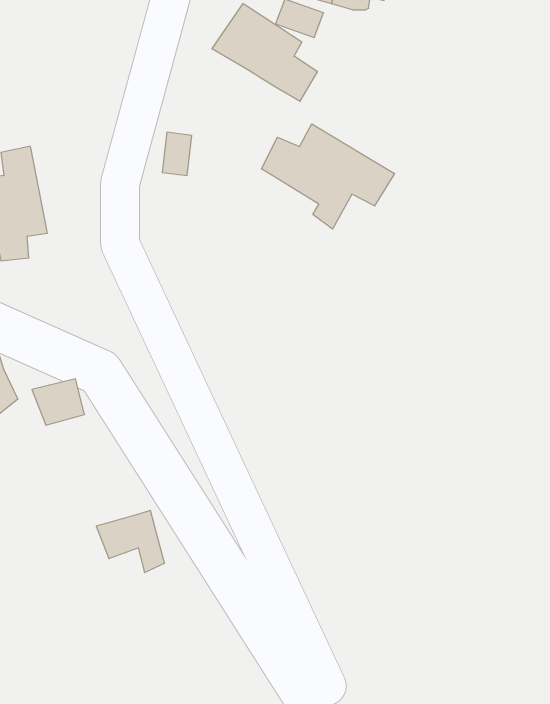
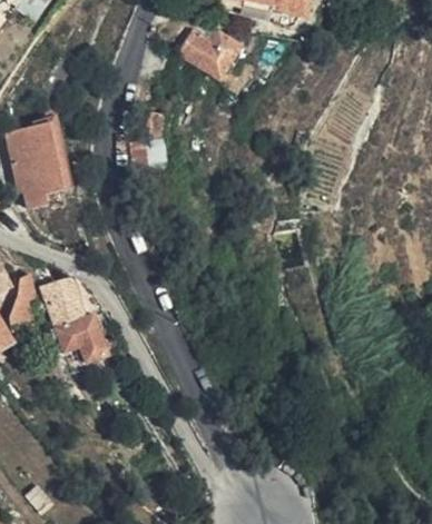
building: [261,124,395,229] -> none
building: [96,511,165,573] -> [58,308,107,353]

